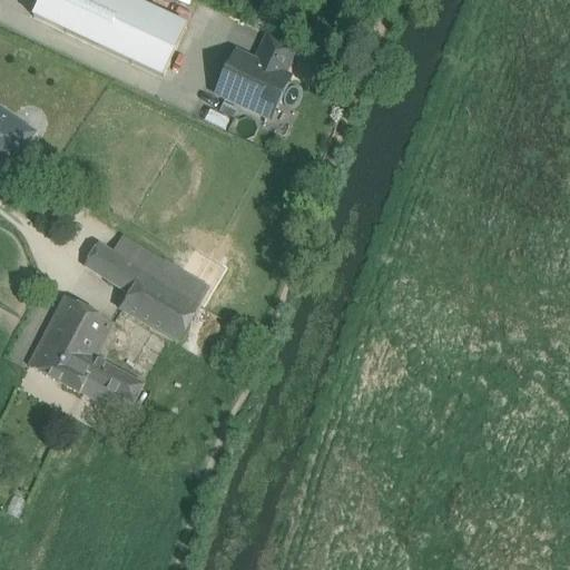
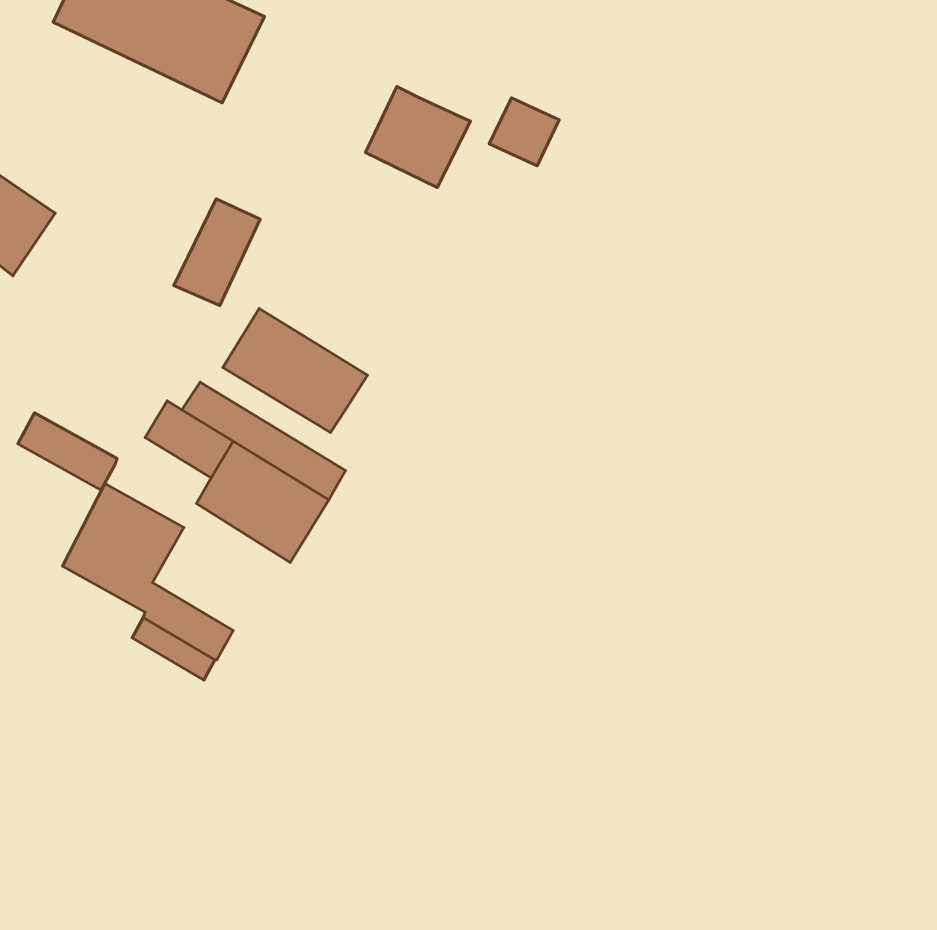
building: [135,10,187,75] -> [174,199,260,306]
building: [254,31,296,72] -> [489,98,559,166]
building: none -> [223,308,368,432]
building: [28,343,88,390] -> [18,413,117,490]

